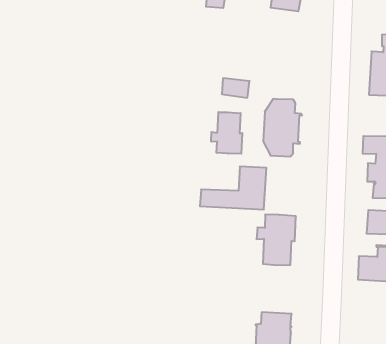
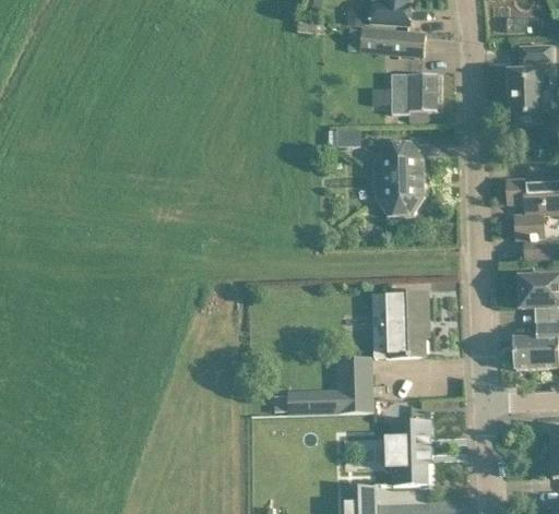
building: none -> [359,28,425,56]
building: none -> [391,73,437,112]
building: [211,112,242,154] -> none
building: [200,167,266,209] -> [287,357,371,414]

